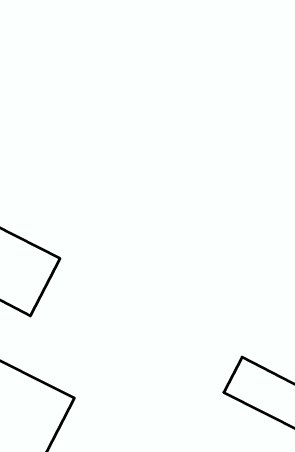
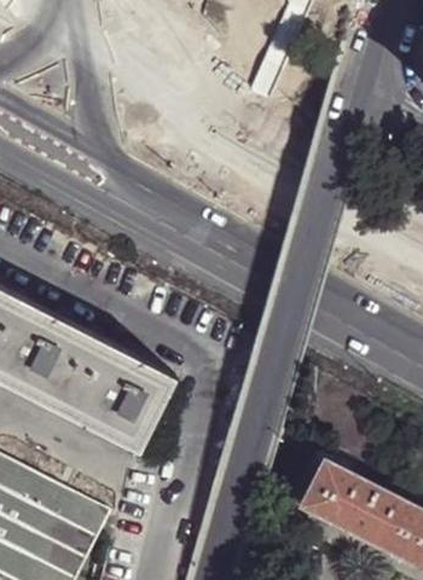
building: none -> [56,335,175,450]

